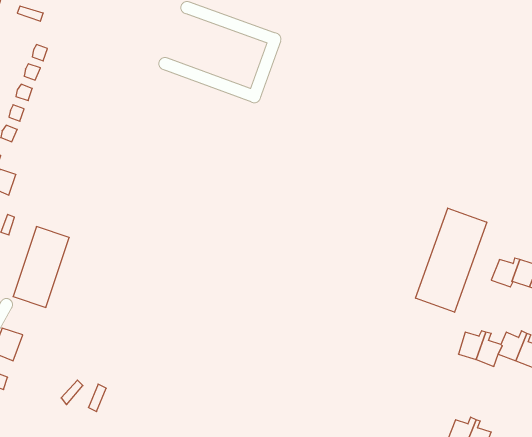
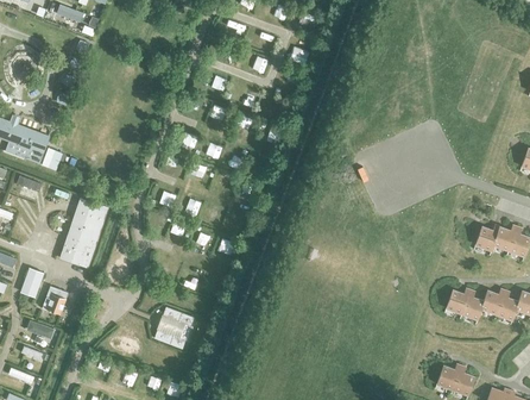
building: [416,208,487,312] -> none
building: none -> [154,306,194,348]

